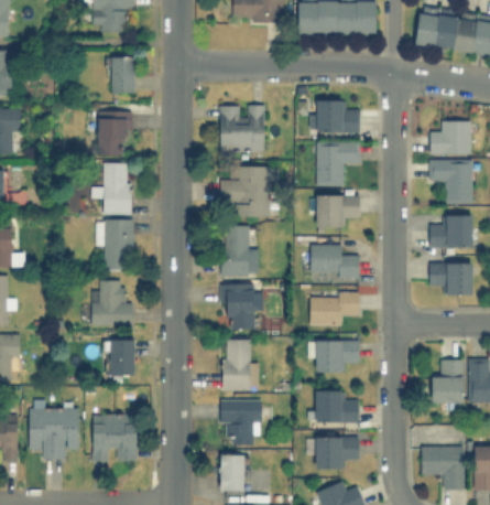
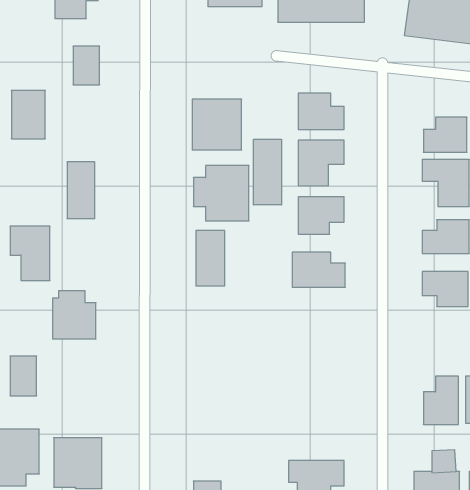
building: [98,112,129,157] -> [11,90,45,139]
building: none -> [254,139,281,205]
building: [96,221,132,270] -> [10,226,50,280]
building: [221,284,254,330] -> none
building: [309,293,359,325] -> none
building: [110,340,134,376] -> [10,356,37,396]
building: [222,340,258,390] -> none
building: [309,341,358,372] -> none
building: [316,391,358,422] -> none
building: [220,401,271,445] -> none

